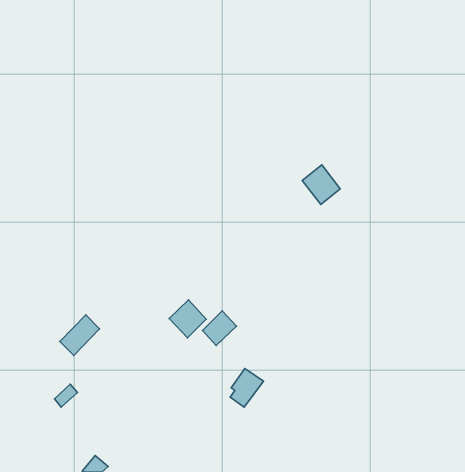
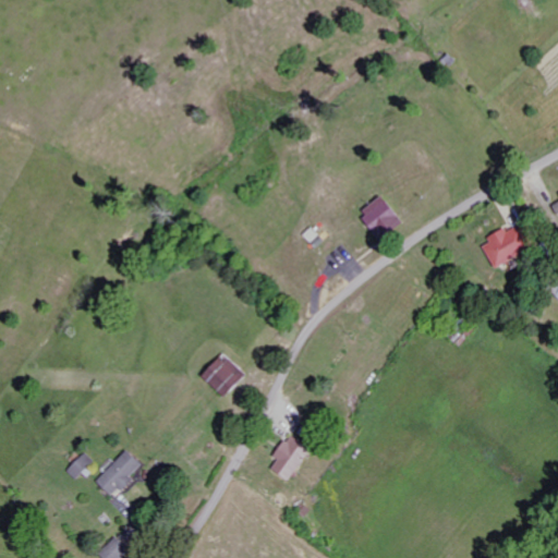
building: none -> [481,222,532,268]
building: [202,311,236,346] -> none
building: [60,315,100,356] -> [95,449,142,497]

